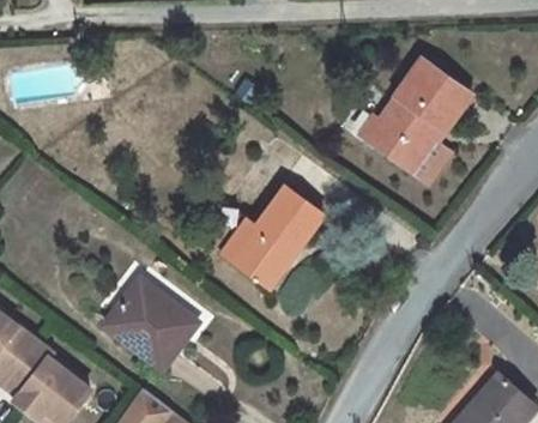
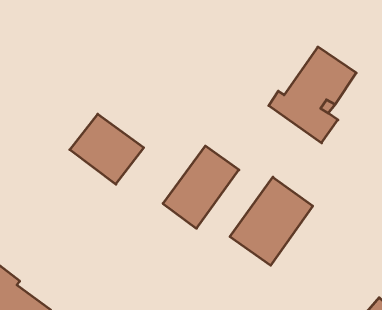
building: none -> [230,177,313,265]
building: [105,280,198,368] -> [70,114,144,184]

